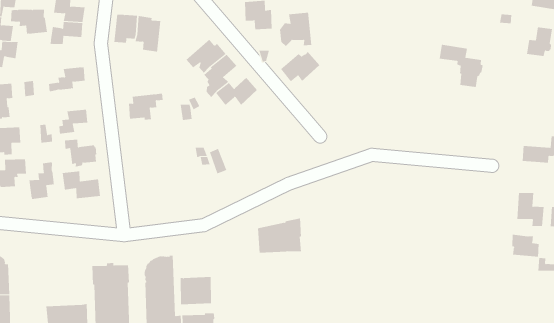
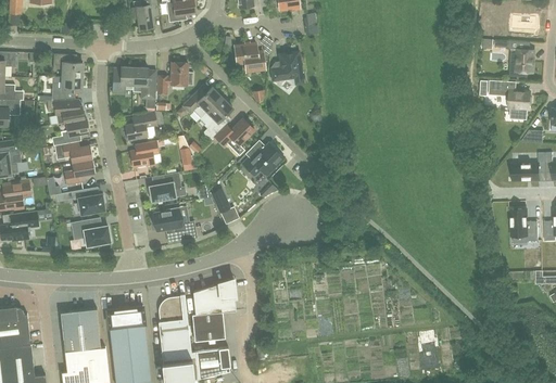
building: [10,9,48,34] -> [47,98,84,123]
building: none -> [156,63,193,94]
building: [439,44,484,88] -> [489,80,532,119]
building: [280,51,320,82] -> [243,143,281,175]
building: none -> [125,112,155,139]
building: none -> [54,141,91,163]
building: none -> [147,171,180,202]
building: [29,162,55,200] -> none
building: none -> [154,207,198,241]
building: [257,218,302,253] -> [192,278,237,315]
building: [512,234,539,257] -> none
building: none -> [61,308,100,352]

